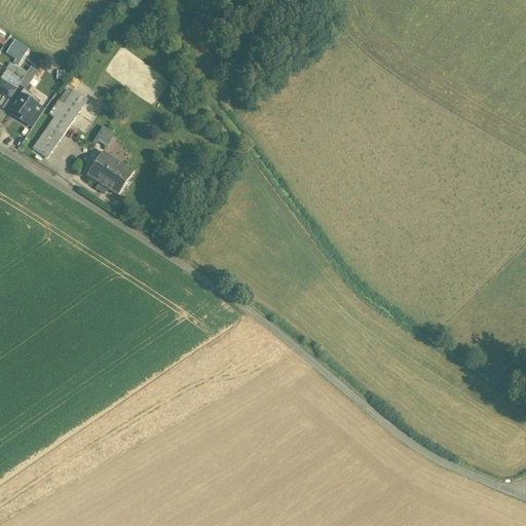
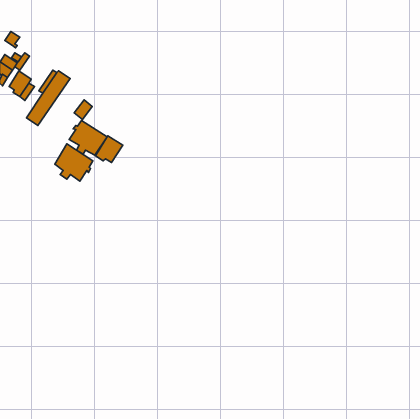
building: none -> [96,136,123,163]
building: none -> [55,144,93,181]

